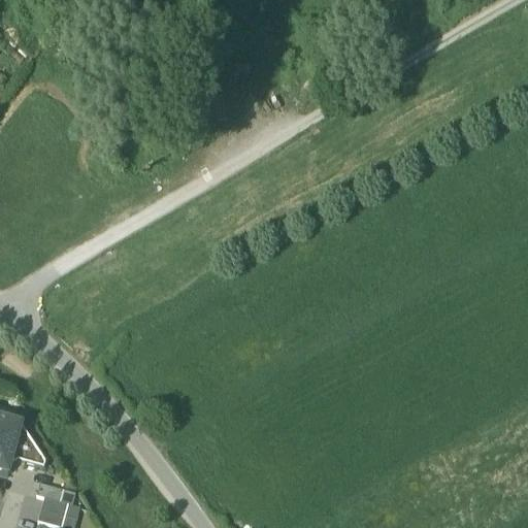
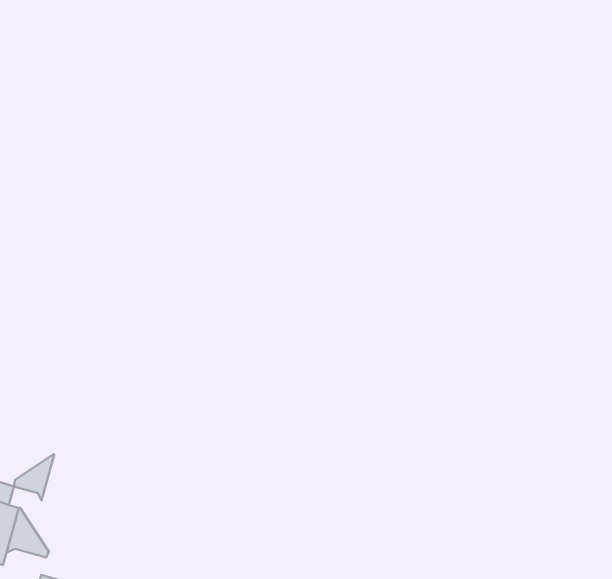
building: none -> [14,454,54,500]

